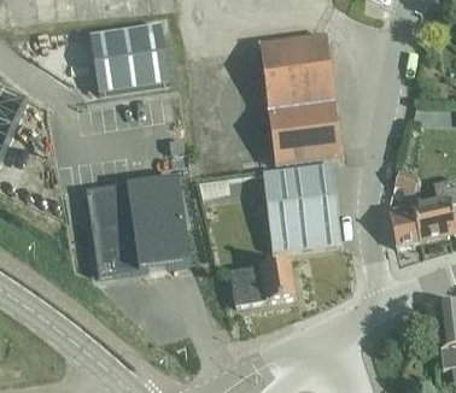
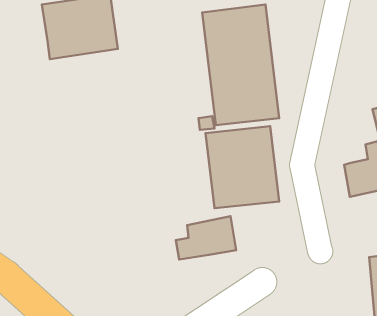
building: [387,170,419,242] -> none
building: [86,175,191,275] -> none

